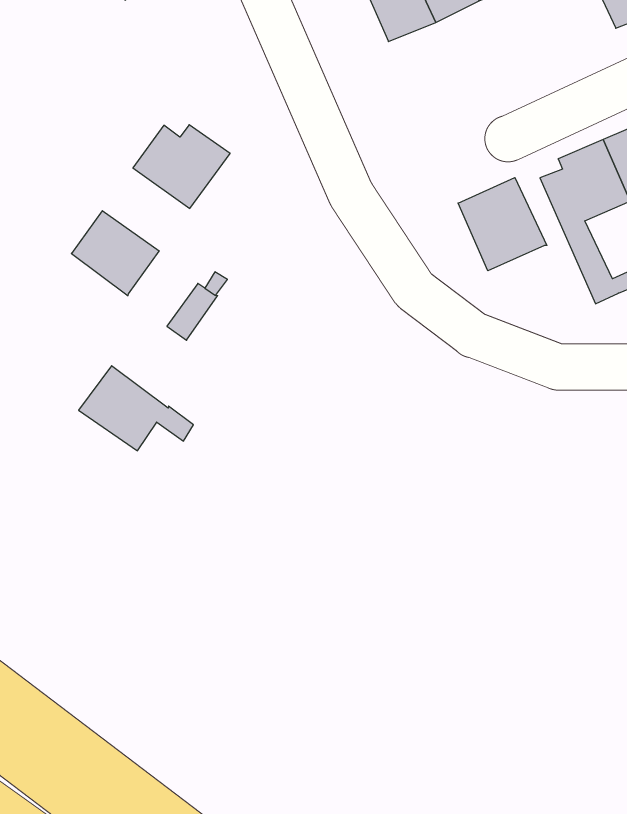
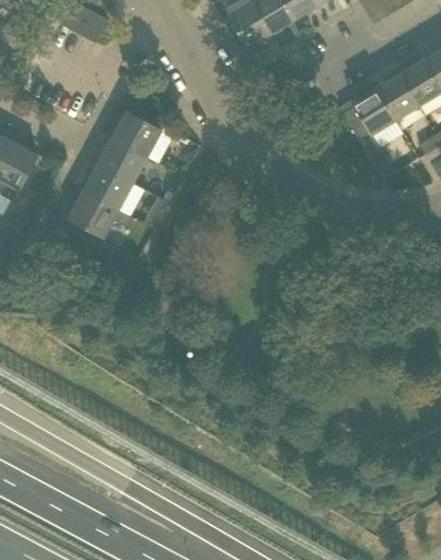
building: none -> [98,138,148,183]
building: [458,178,547,271] -> none
building: [79,366,193,451] -> [69,190,135,236]

